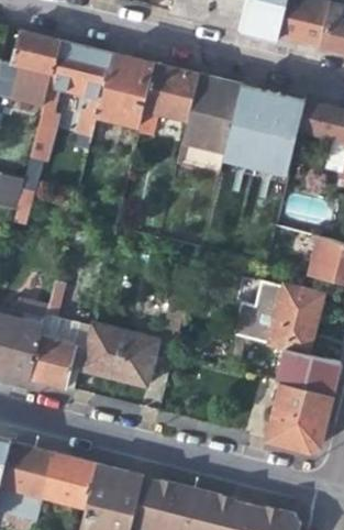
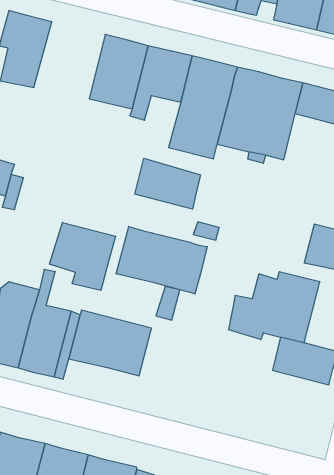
building: [32,41,114,159] -> none
building: none -> [135,158,200,209]
building: none -> [50,222,115,290]
building: none -> [116,226,207,294]
building: [266,380,332,450] -> none

